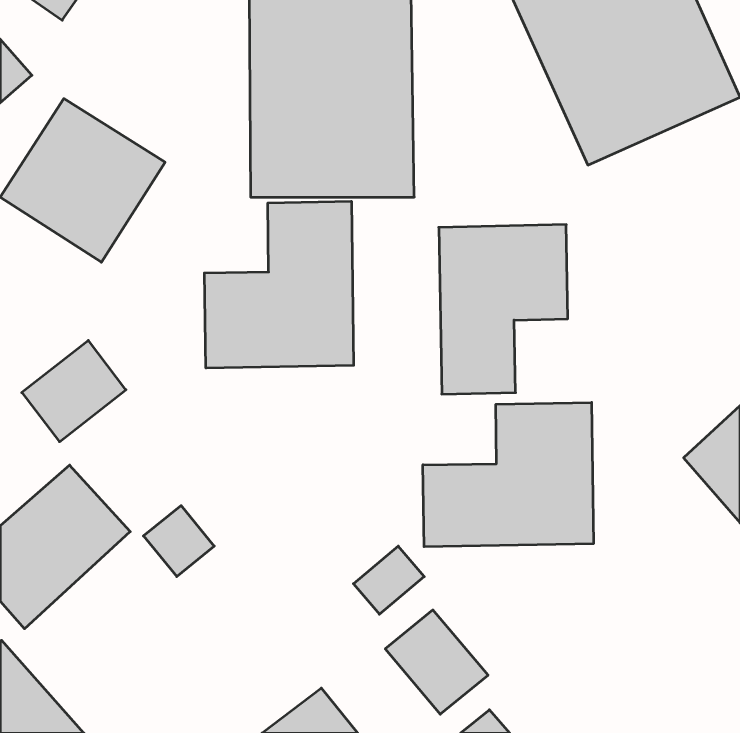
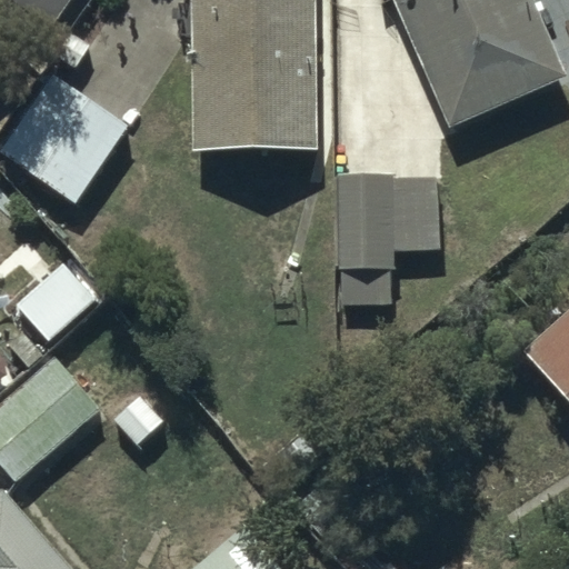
building: [204,201,354,368] -> none
building: [423,402,593,547] -> none

